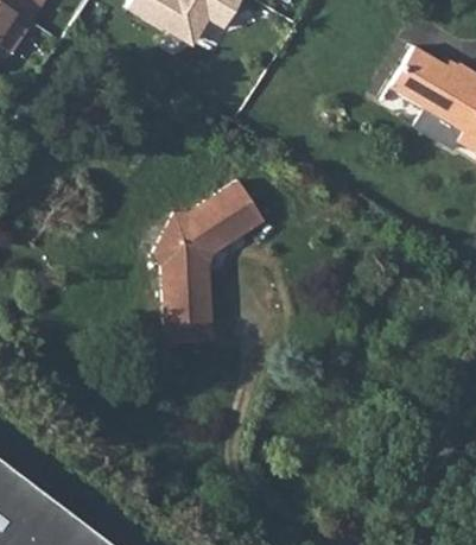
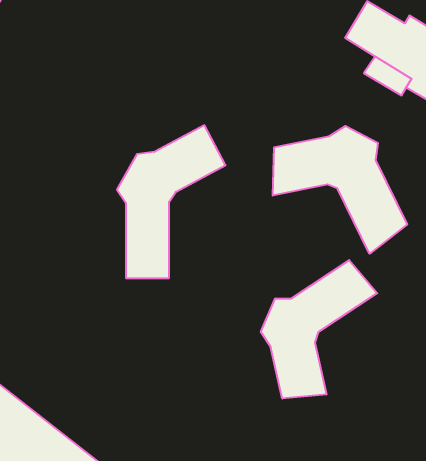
building: none -> [273,126,407,254]
building: none -> [261,260,377,399]

